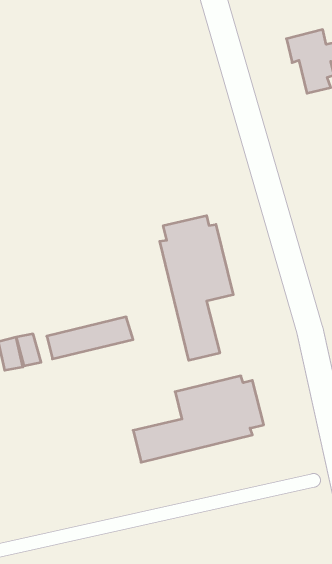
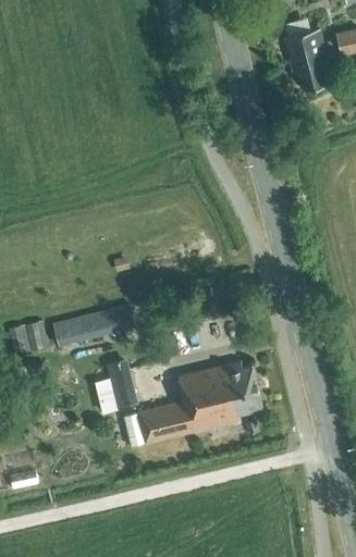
building: [160,216,233,360] -> none
building: none -> [105,360,136,409]

